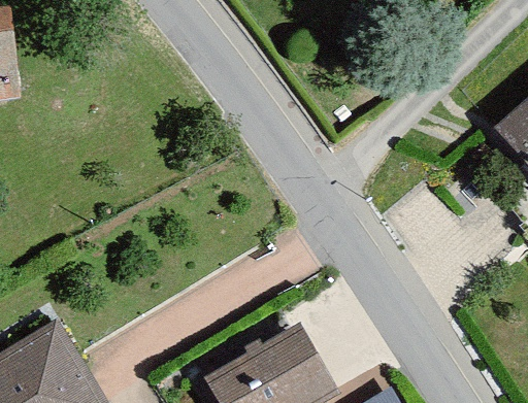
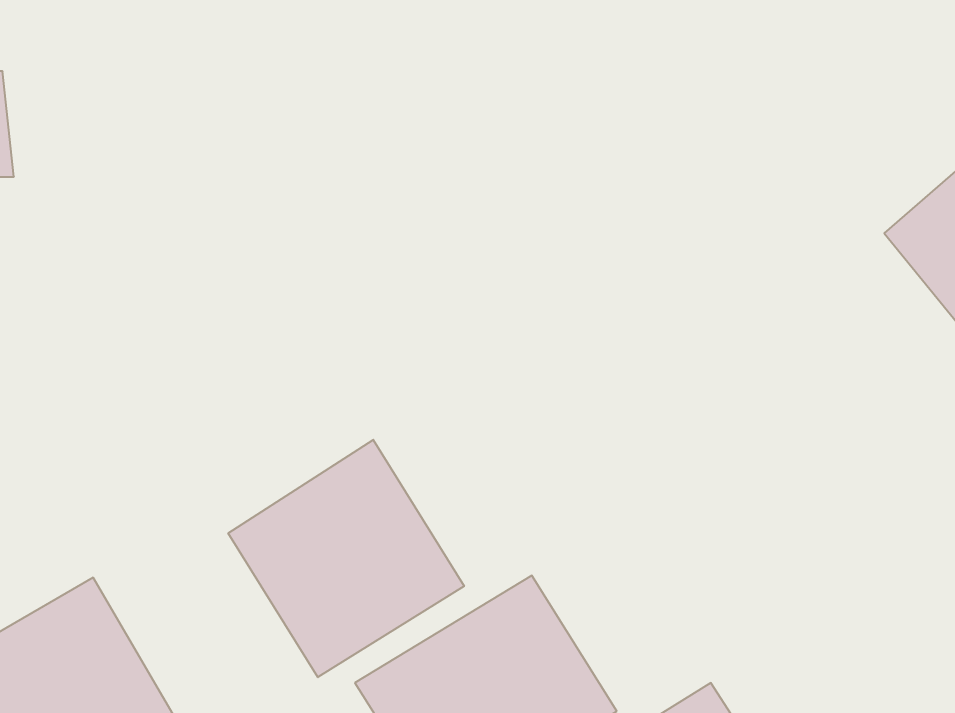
building: none -> [228,440,464,677]

